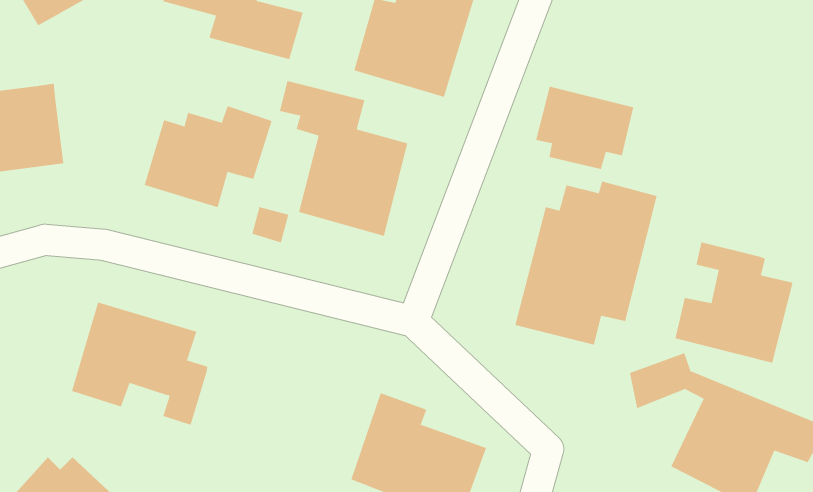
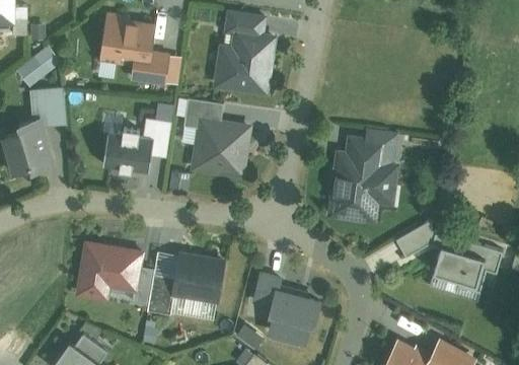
building: none -> [30,88,66,127]
building: [536,86,634,170] -> none
building: [675,241,793,364] -> none
building: none -> [147,251,227,318]

